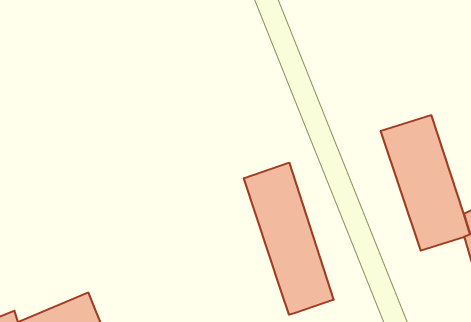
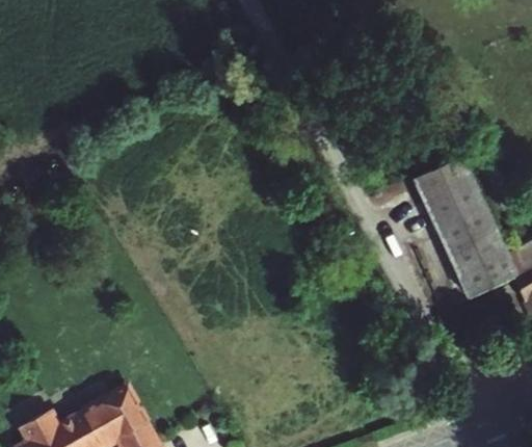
building: [244,163,334,315] -> none

